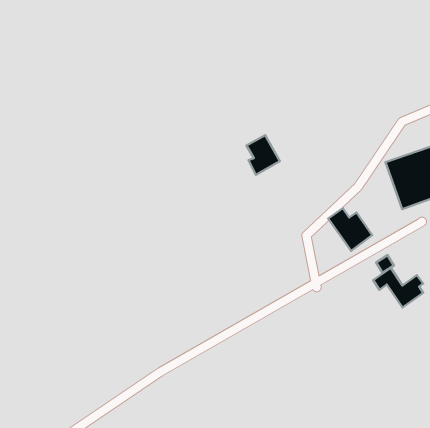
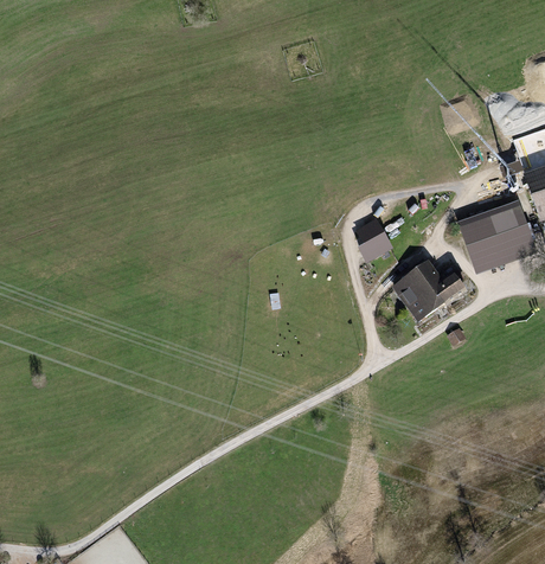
building: [246,135,280,175] -> [354,218,392,263]
building: [373,268,423,307] -> [408,259,464,305]

